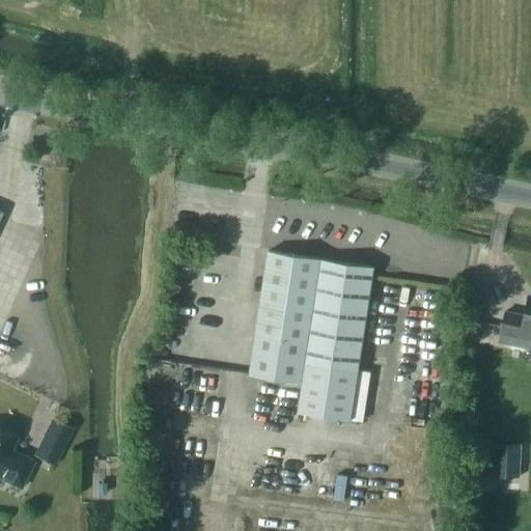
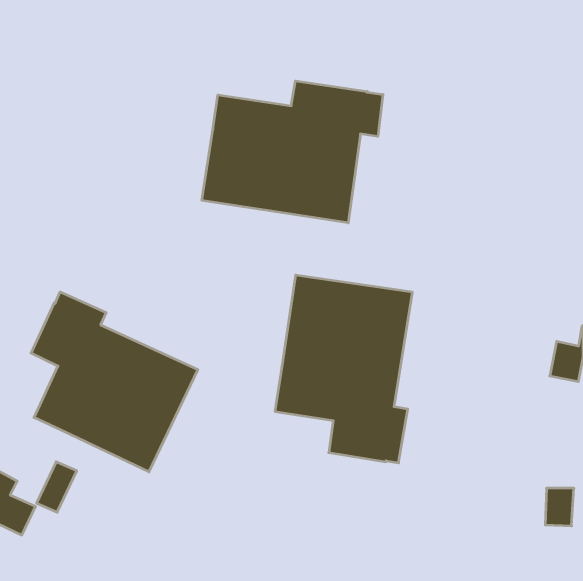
building: none -> [202,81,383,223]
building: none -> [31,292,198,472]

